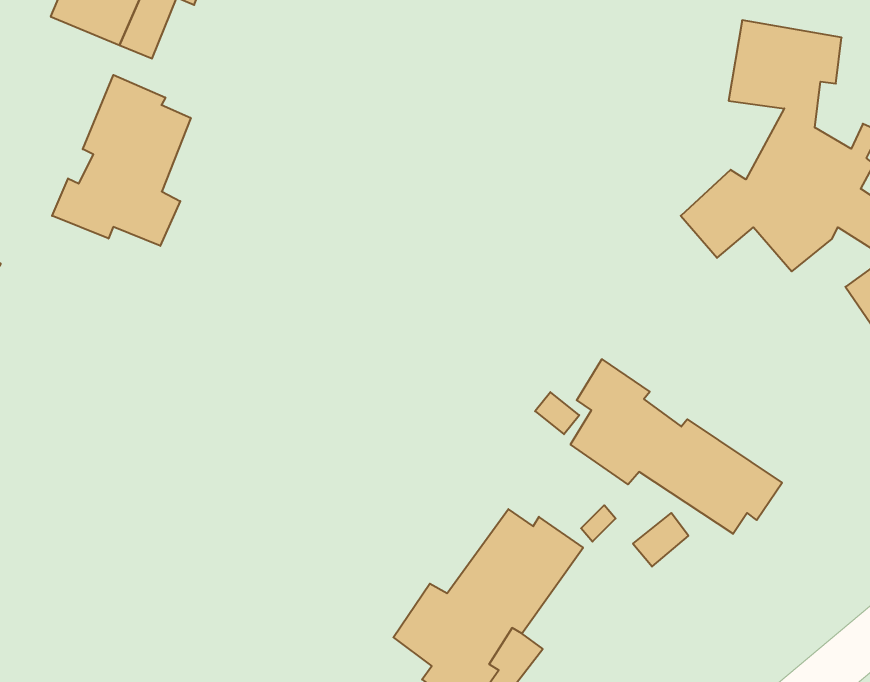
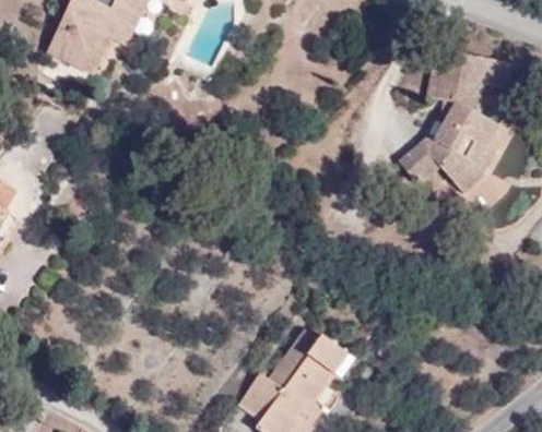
building: [52,75,191,246] -> none
building: [571,359,782,534] -> none

